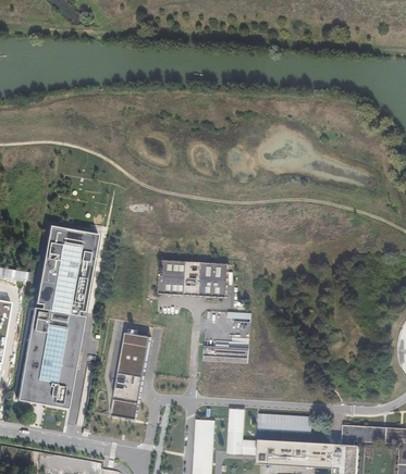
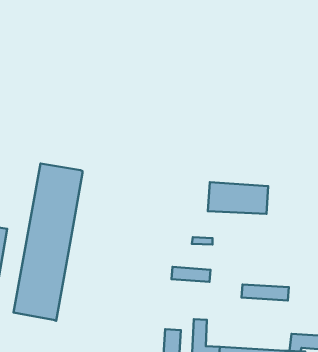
building: [158,262,229,299] -> [208,182,268,214]
building: [111,333,150,420] -> none
building: [257,413,312,432] -> [242,285,289,300]

